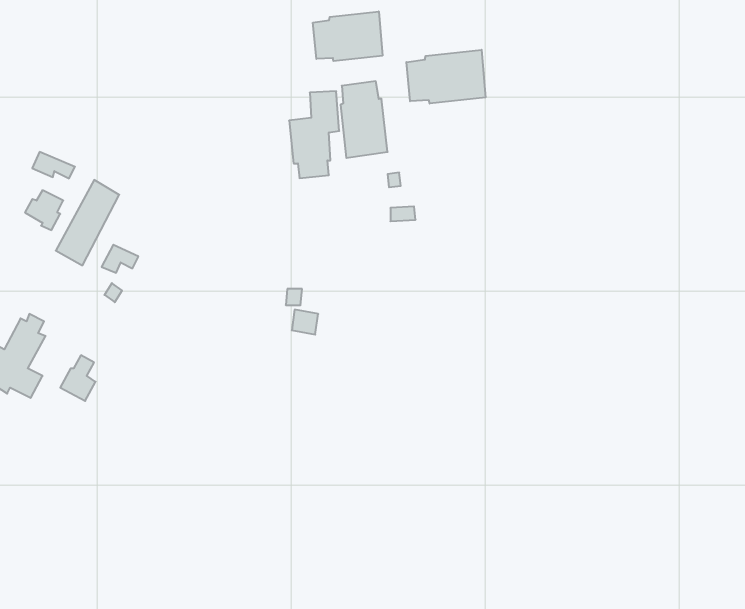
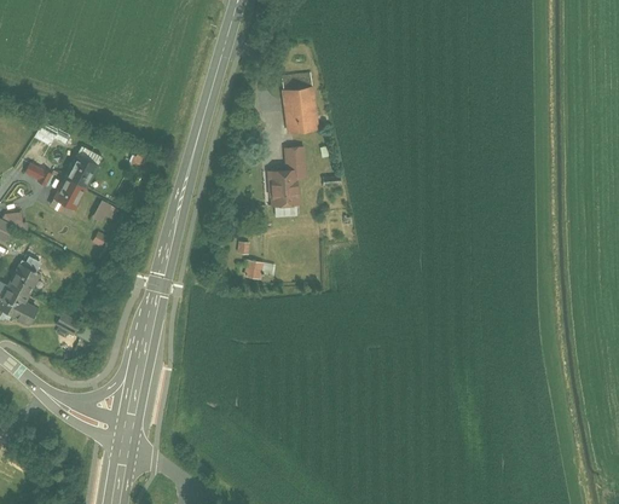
building: [313,11,382,61] -> none
building: [406,50,486,104] -> none
building: [289,91,339,178] -> [267,144,308,215]

